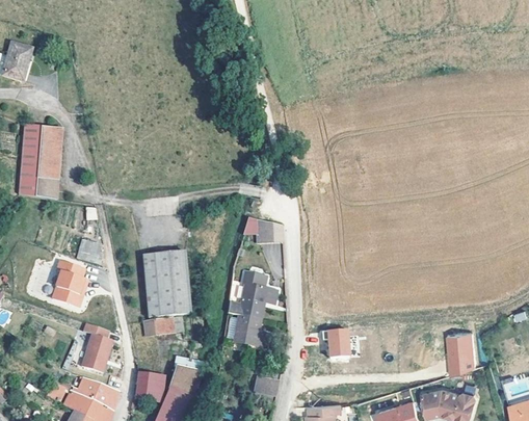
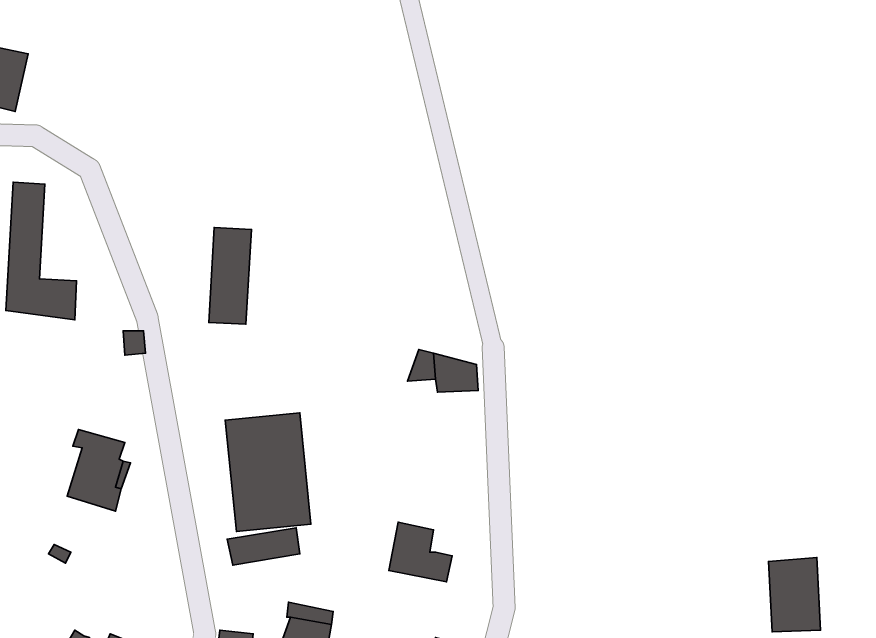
building: [37,125,61,179] -> [209,228,251,324]
building: [77,239,101,264] -> none
building: [228,271,276,318] -> none
building: [82,324,114,374] -> none
building: [321,327,350,357] -> none

